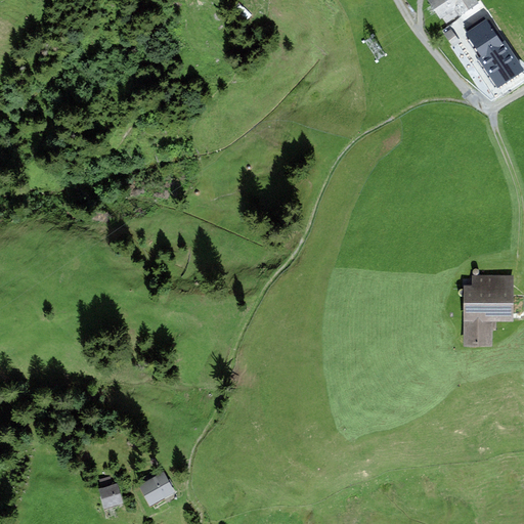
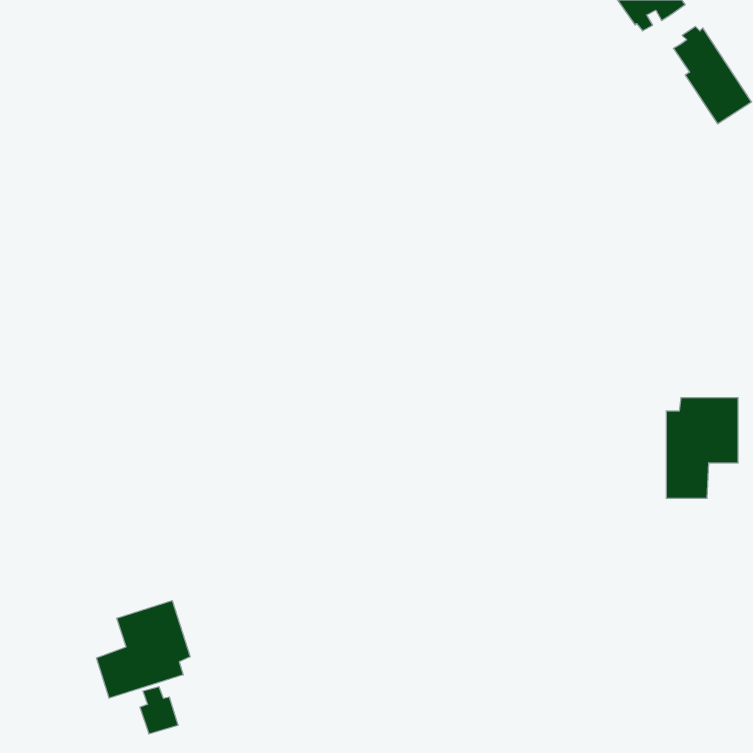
building: none -> [96,601,190,698]
building: [139,472,174,505] -> none

